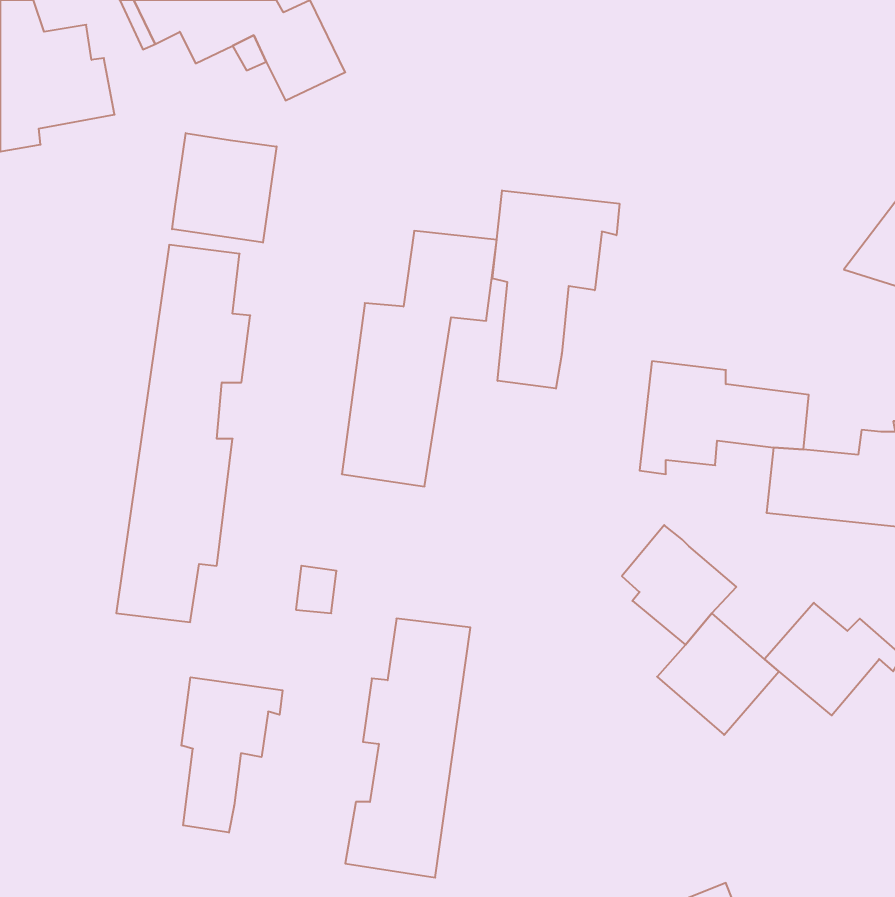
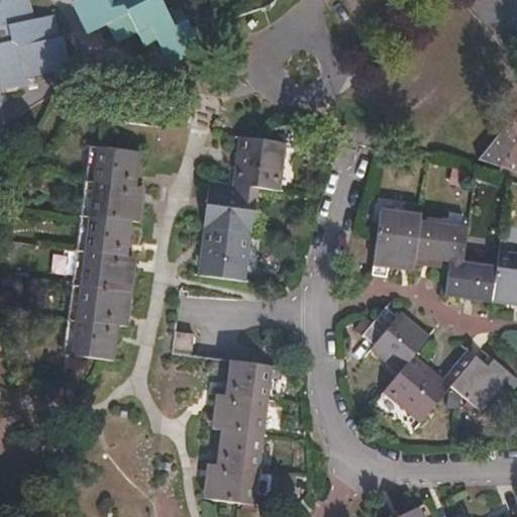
building: [172,133,277,243] -> none
building: [493,190,619,389] -> none
building: [181,677,283,833] -> none

